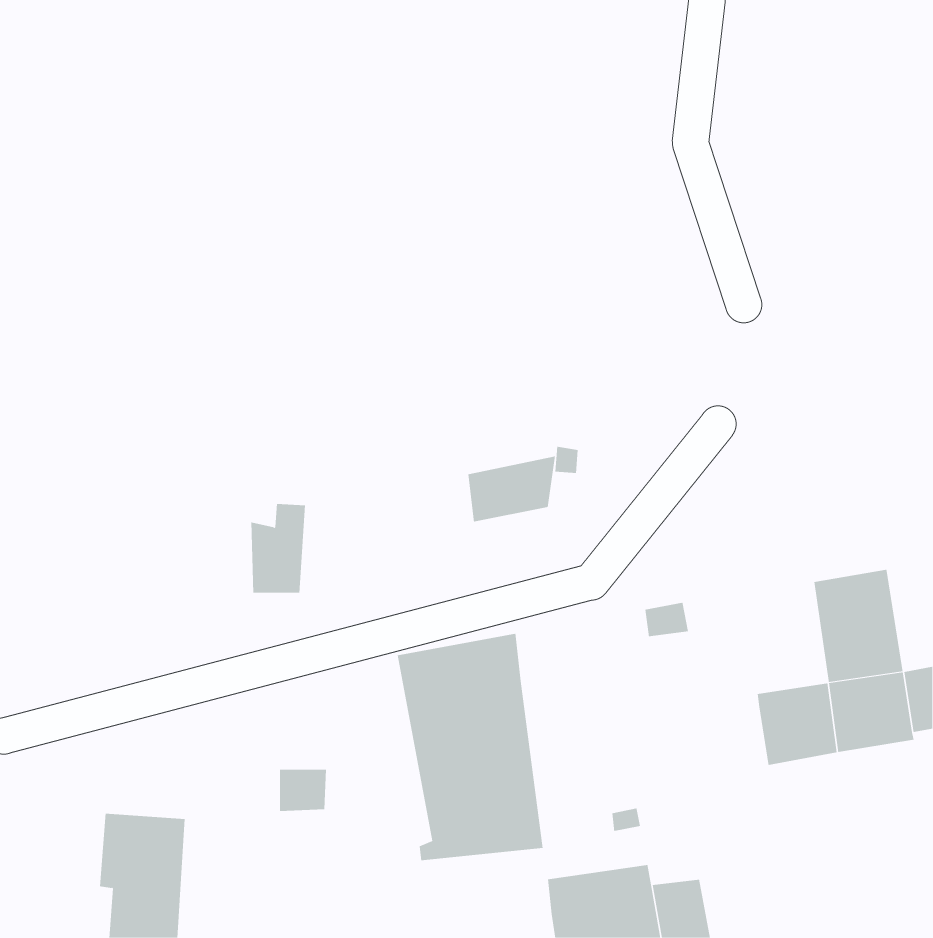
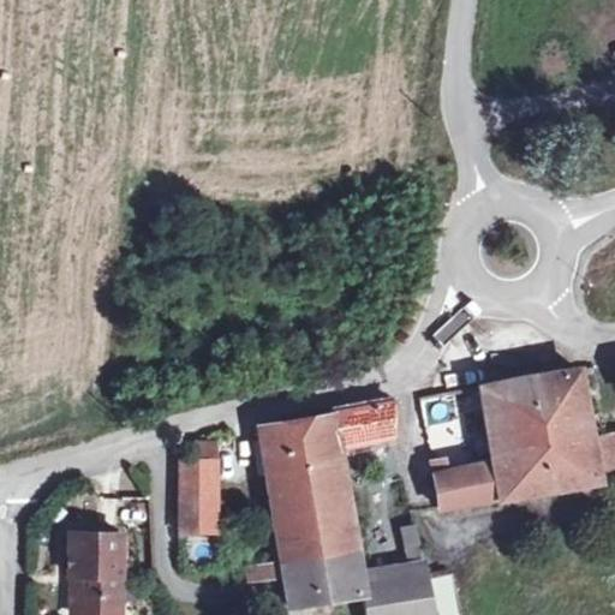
building: [468,456,556,522] -> [338,402,395,446]
building: [251,503,306,593] -> [181,444,217,503]
building: none -> [484,381,542,454]
building: none -> [431,462,502,512]
building: none -> [269,555,360,609]

